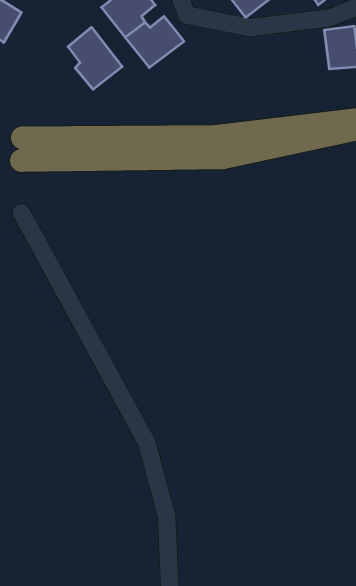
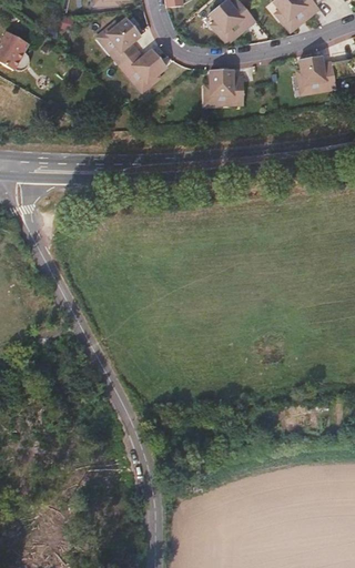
building: [68,27,122,89] -> none
building: none -> [206,69,233,104]

